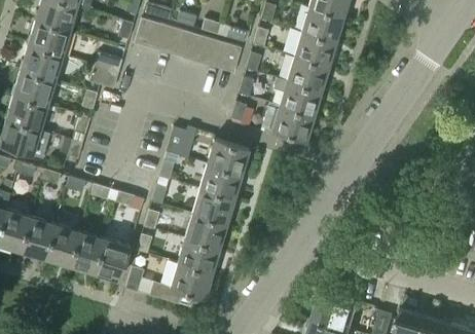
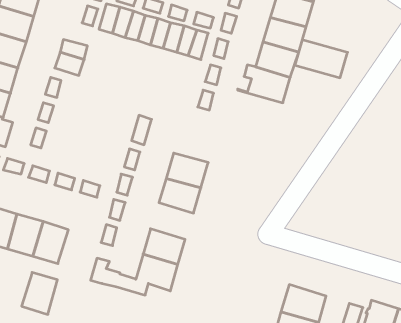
building: [263,103,315,140] -> [295,40,348,78]
building: [208,140,249,174] -> none
building: [185,213,227,249] -> none
building: [95,239,130,281] -> [22,272,57,314]

